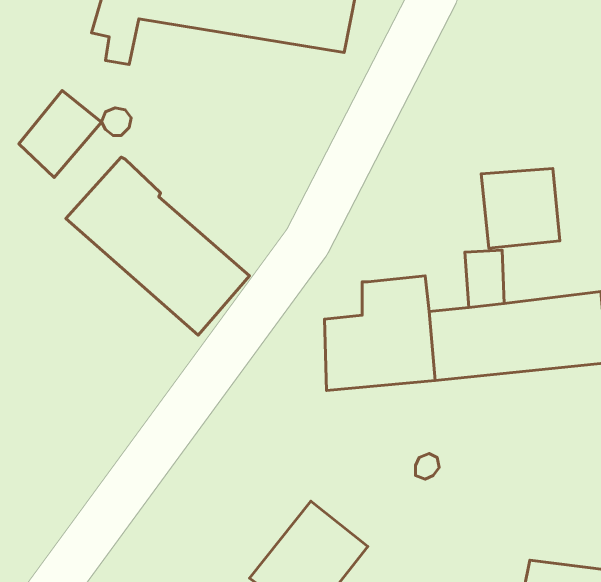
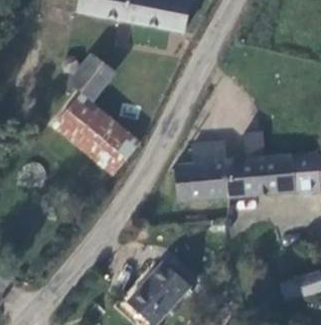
building: [19,91,102,177] -> [74,57,117,102]
building: [481,168,560,248] -> none

